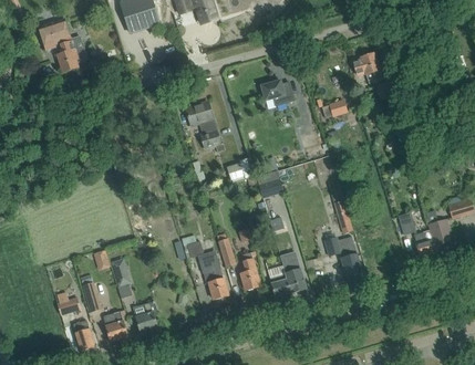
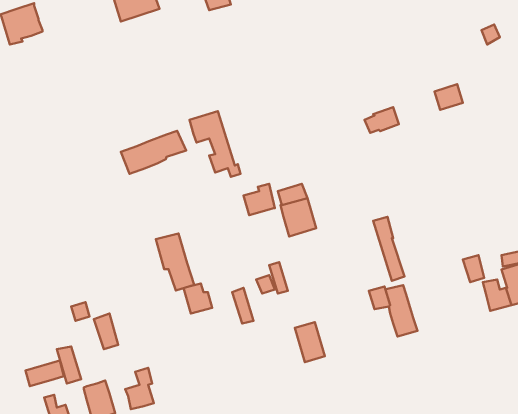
building: [58,39,86,71] -> none
building: [352,52,382,82] -> none
building: [261,80,293,105] -> none
building: none -> [121,131,186,174]
building: [240,250,260,290] -> none
building: [198,254,228,299] -> [156,233,194,290]
building: [282,261,306,292] -> none

